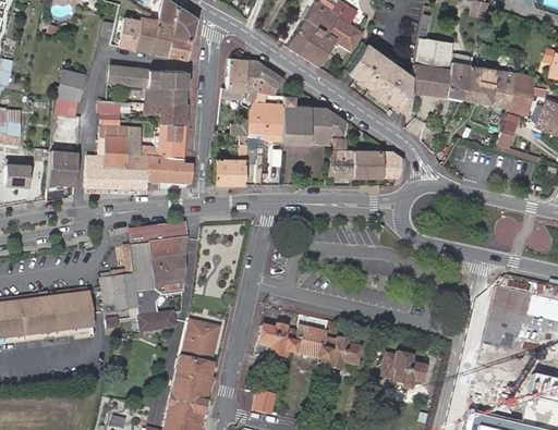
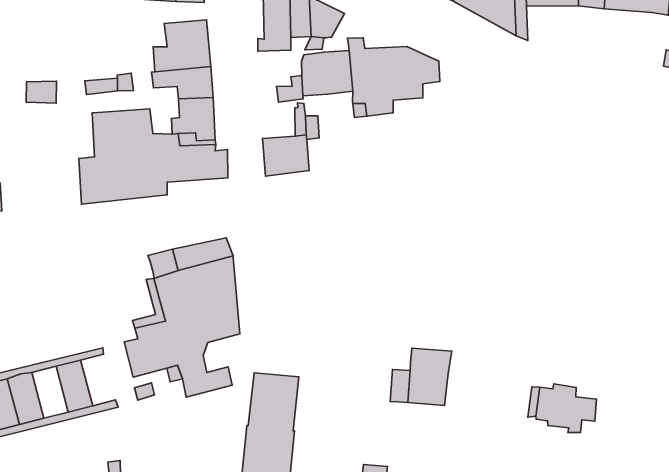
building: [110,64,159,86] -> none
building: [54,70,86,100] -> none
building: [329,138,403,176] -> none
building: [49,152,78,182] -> none
building: [72,293,93,328] -> none
building: [37,297,59,332] -> none
building: [257,324,287,355] -> none
building: [319,336,360,369] -> none

